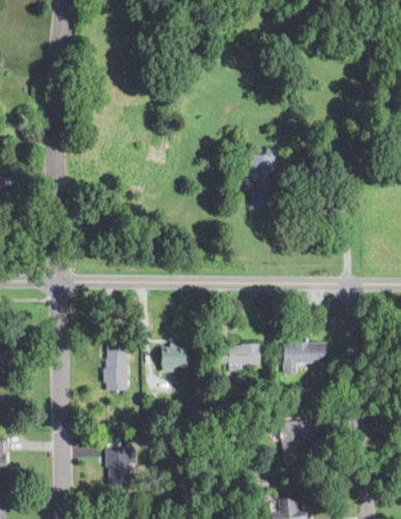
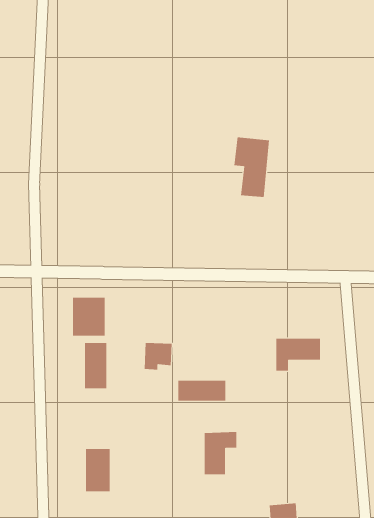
building: none -> [72,297,105,336]
building: [214,344,260,363] -> [177,380,226,401]
building: [282,419,313,460] -> [204,432,237,475]

